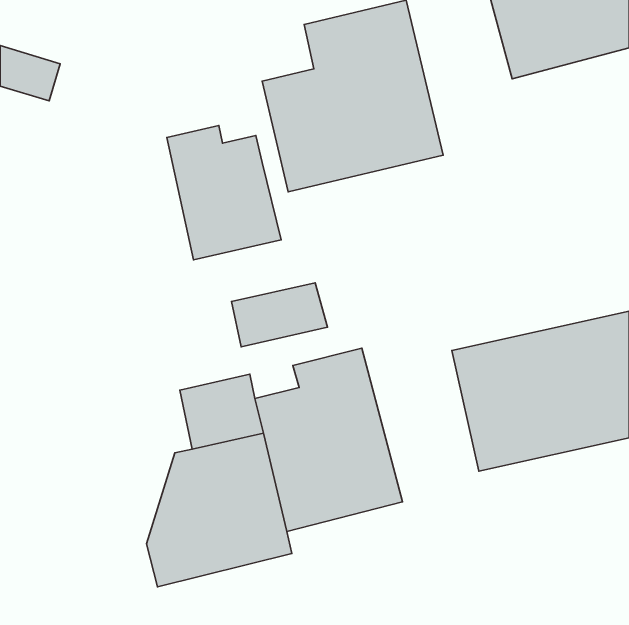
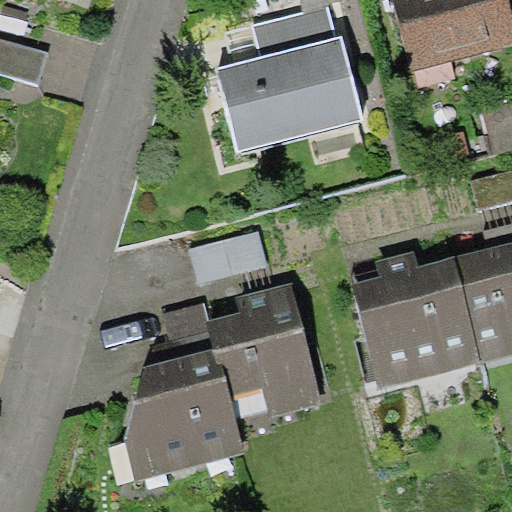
building: [167,125,281,260] -> none

